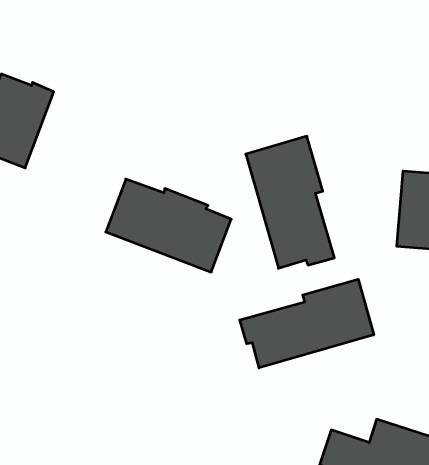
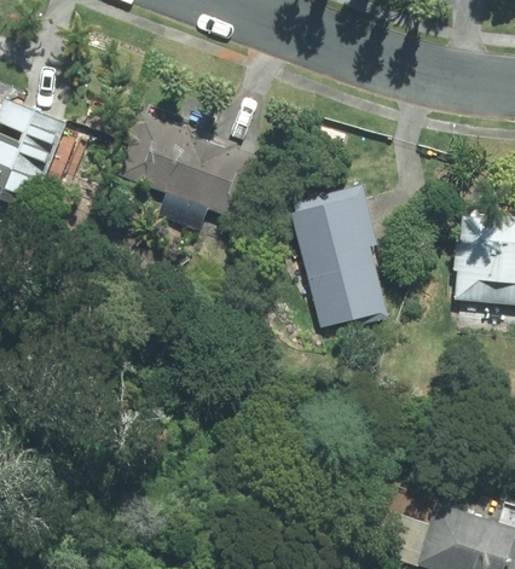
building: [106,179,231,272] -> [116,115,260,221]
building: [240,279,374,368] -> none

